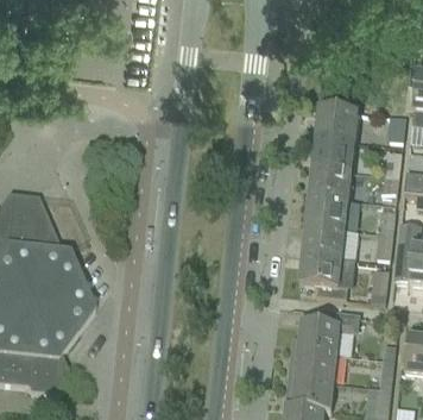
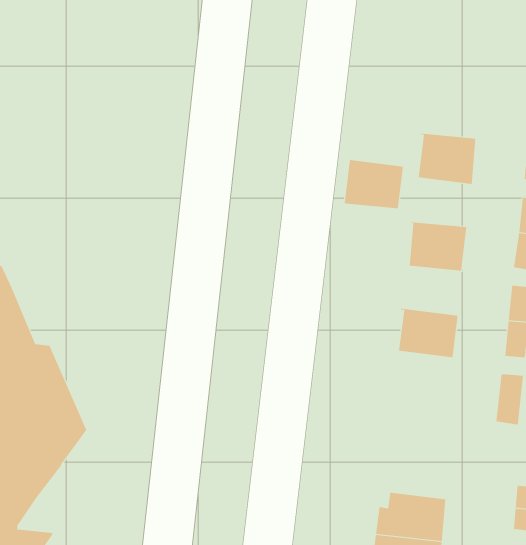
building: [312,137,354,170] -> [342,159,404,209]
building: [305,196,347,230] -> none
building: [299,253,347,299] -> none
building: [298,311,358,353] -> none

